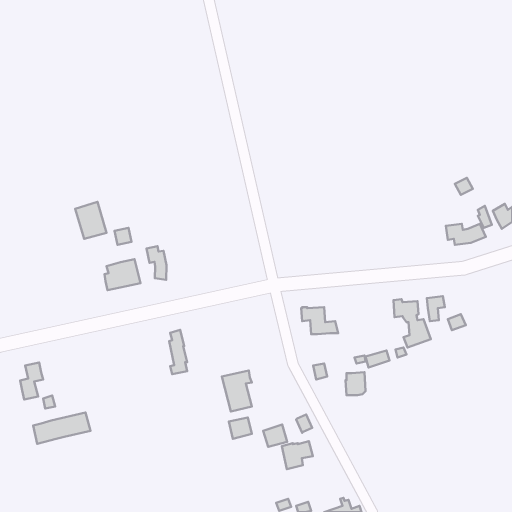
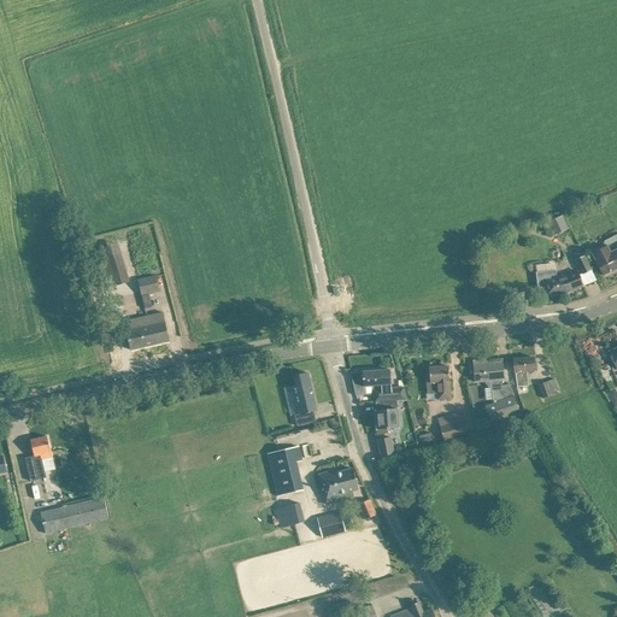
building: [146,246,167,280] -> none
building: none -> [425,365,449,398]
building: [169,330,187,374] -> [293,371,315,424]
building: [346,372,366,395] -> [374,400,398,428]
building: [282,441,313,469] -> [319,468,357,501]

